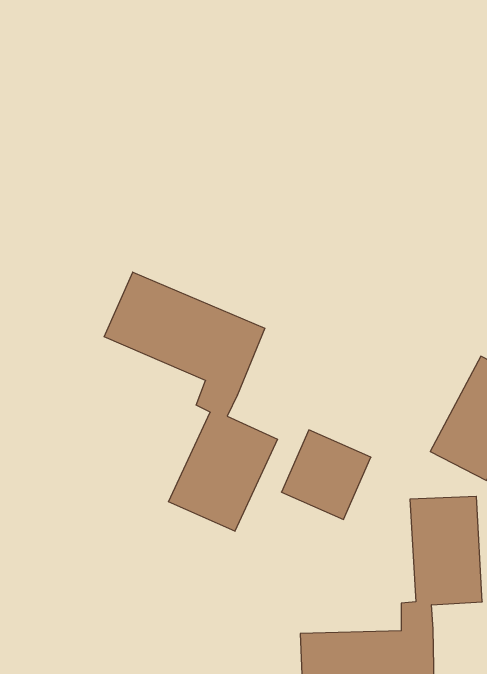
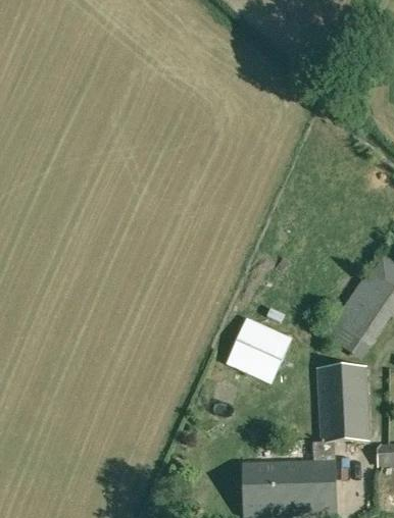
building: [104,272,278,531] -> none

